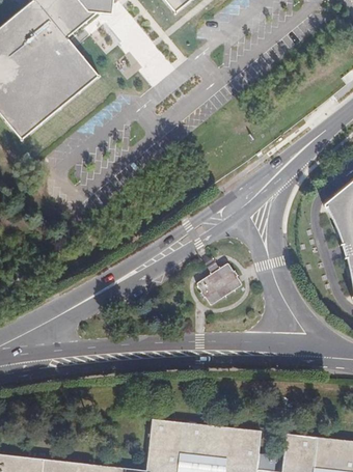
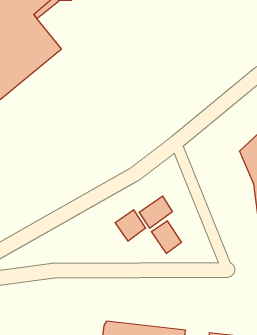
building: none -> [115,210,146,241]
building: none -> [151,221,181,254]

